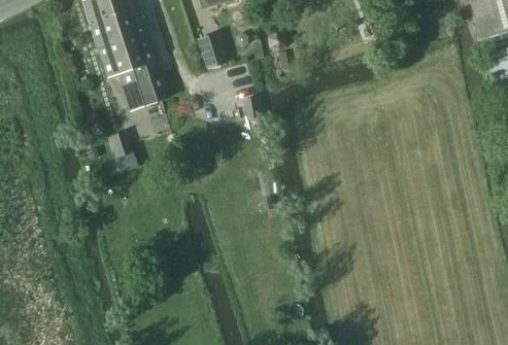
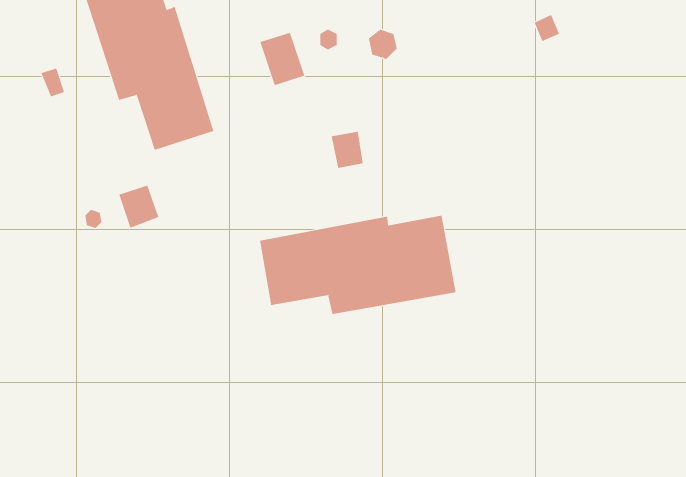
building: none -> [259,215,456,315]

